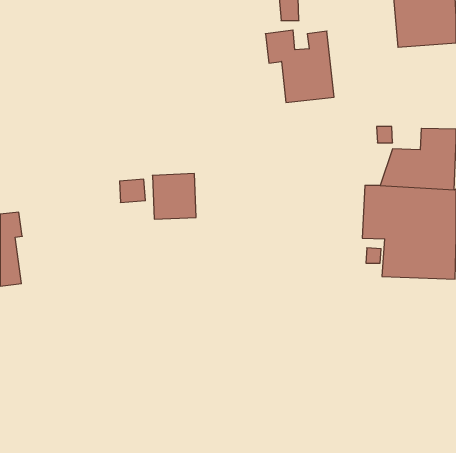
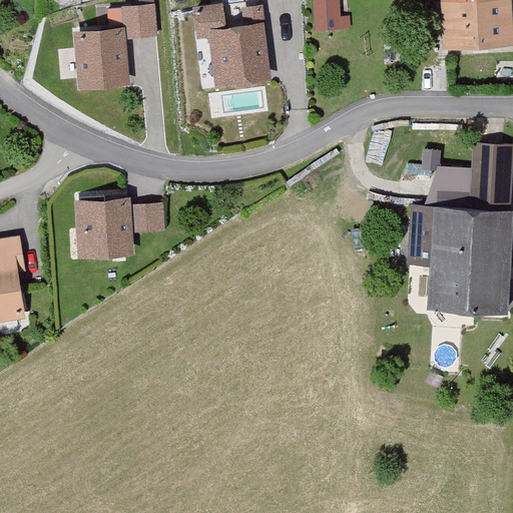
building: none -> [73,8,157,90]
building: [265,30,334,102] -> [193,6,271,87]
building: [152,174,196,219] -> [81,199,130,250]

